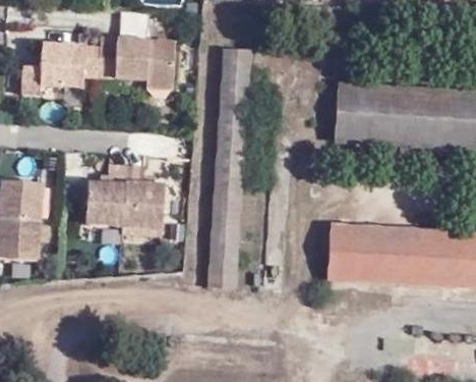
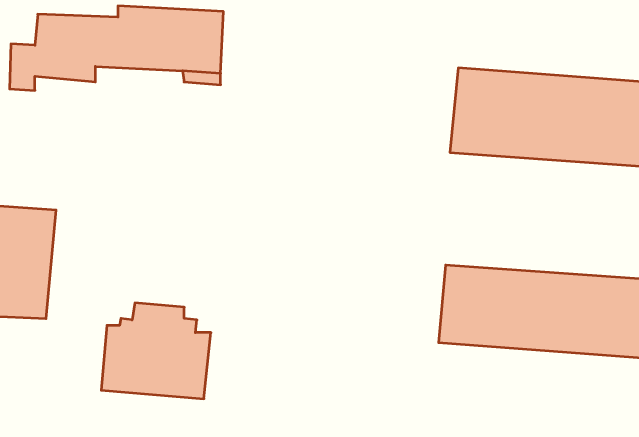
building: [203,48,253,285] -> none
building: [91,163,170,232] -> [101,303,211,399]

